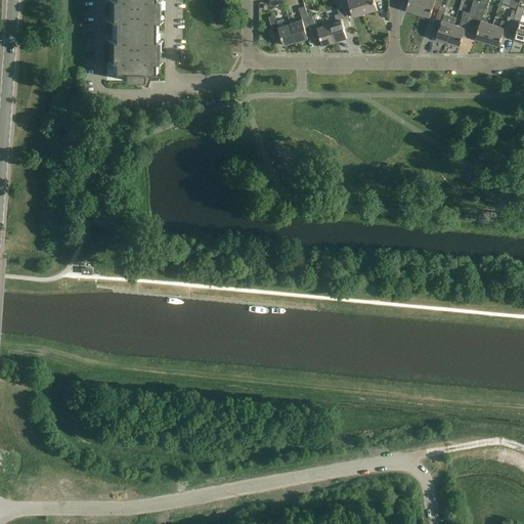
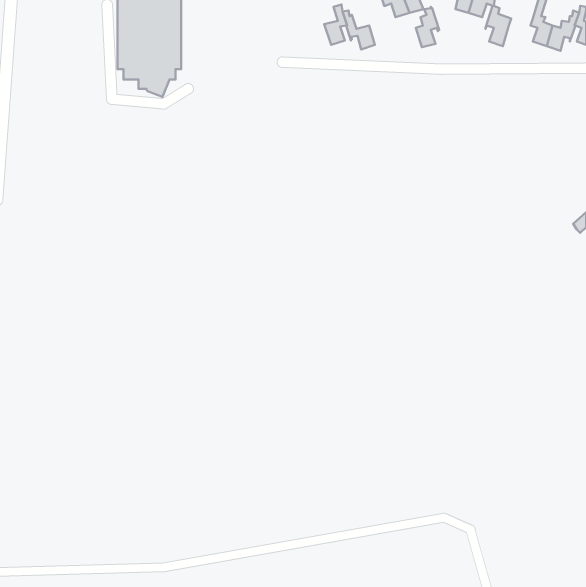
building: [328,4,348,40] -> [416,7,439,47]
building: [266,13,294,43] -> none
building: [446,14,473,44] -> none

